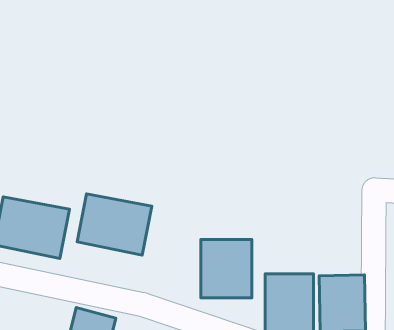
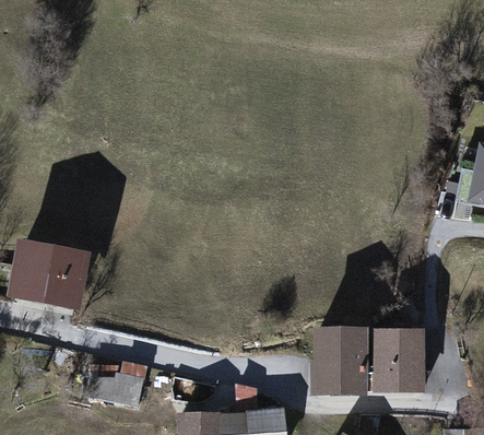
building: [77,194,152,255] -> none
building: [201,239,252,298] -> none

